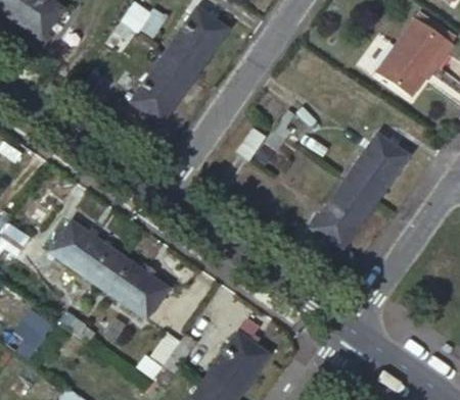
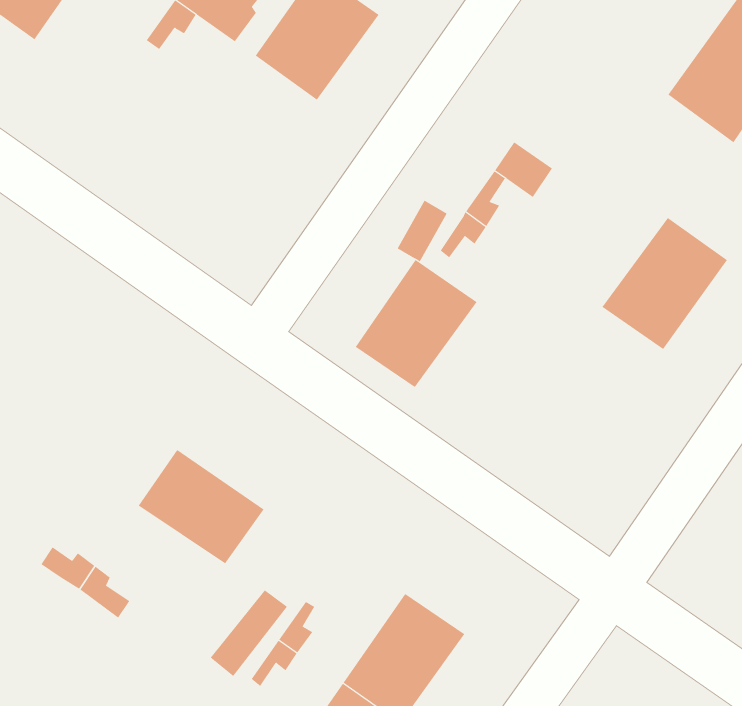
building: [128,50,194,122] -> none
building: [312,182,376,249] -> [355,259,478,388]
building: [54,224,121,286] -> none

